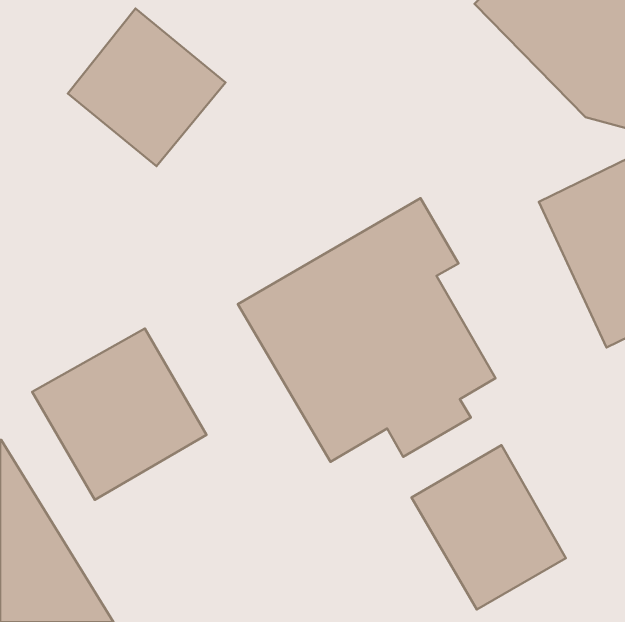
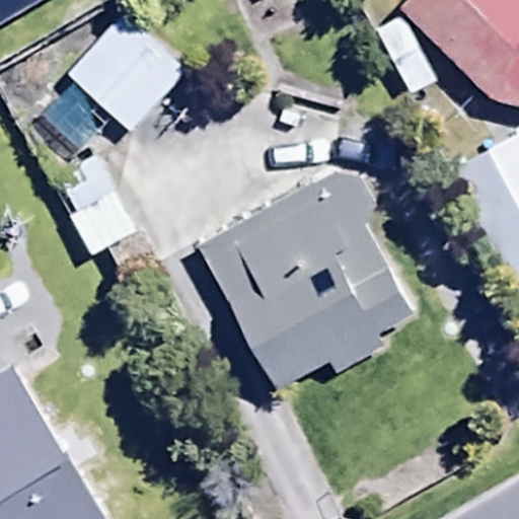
building: [32,328,206,500] -> none
building: [411,445,566,610] -> none

